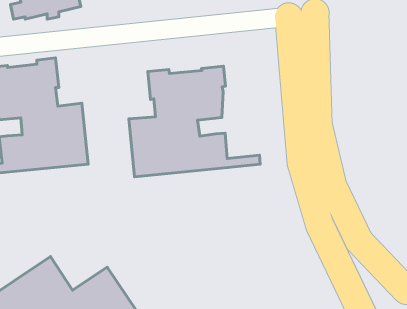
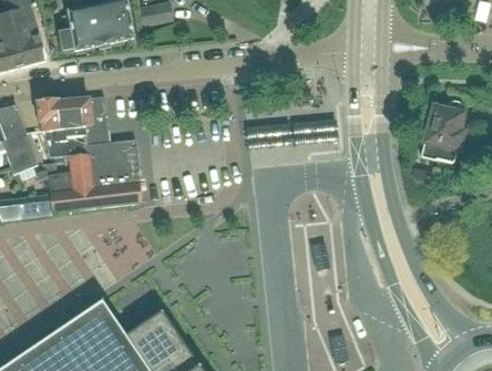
building: [129,66,260,177] -> none
building: none -> [421,100,464,162]

